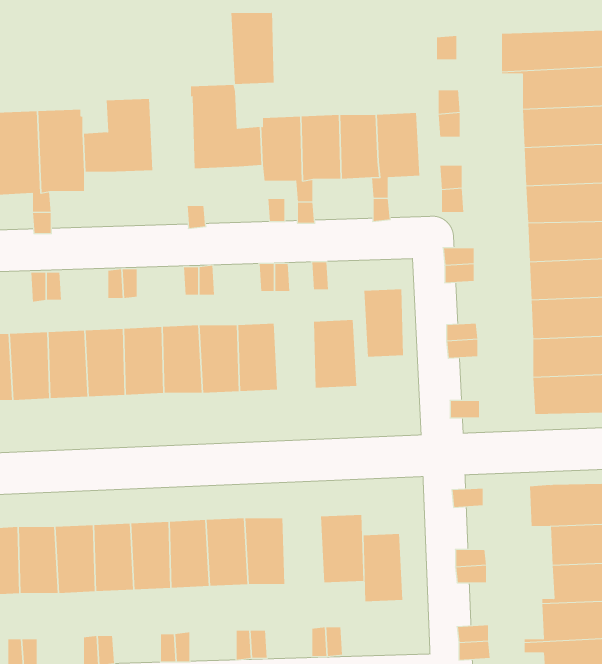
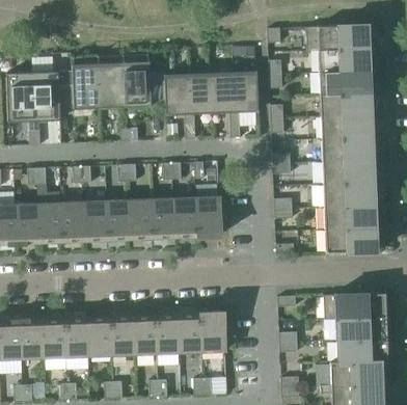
building: [231,11,274,85] -> [99,63,125,107]
building: [364,289,404,357] -> [172,196,196,237]
building: [363,534,403,602] -> [178,312,201,352]

